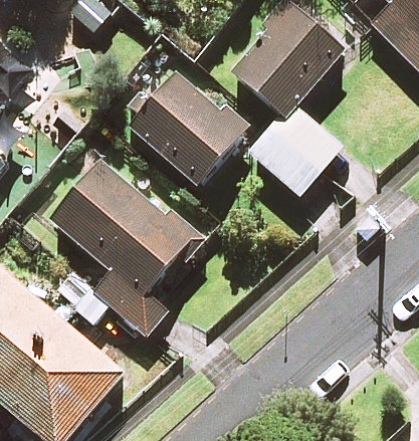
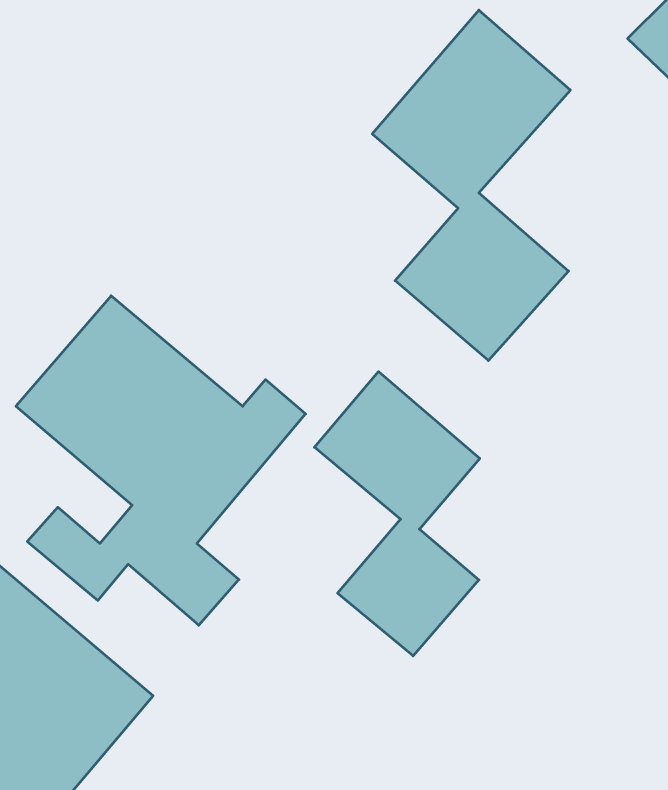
building: [128,71,243,185] -> none
building: none -> [314,372,480,656]

